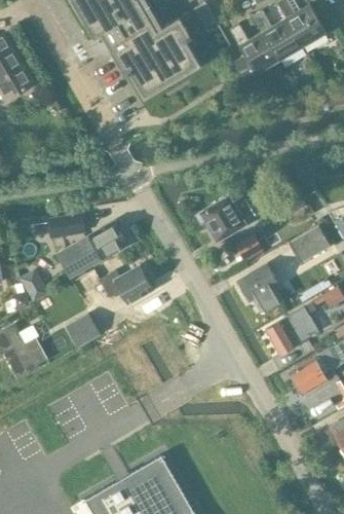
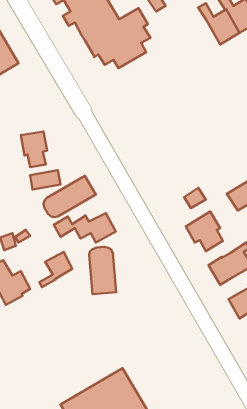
building: [229,24,279,90] -> none
building: none -> [21,132,47,167]
building: [197,189,271,240] -> none
building: none -> [89,247,116,294]

